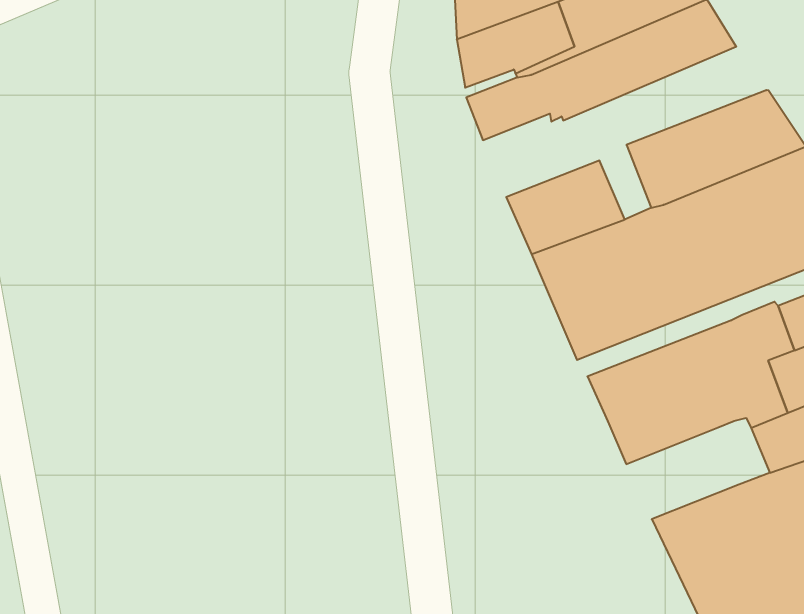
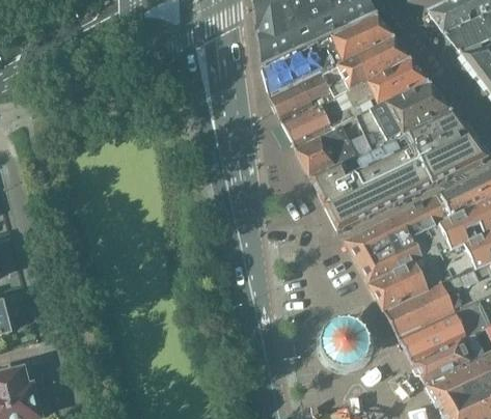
building: none -> [281,58,427,143]
building: none -> [367,253,443,310]

